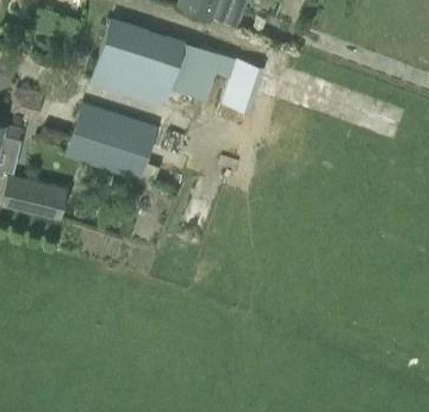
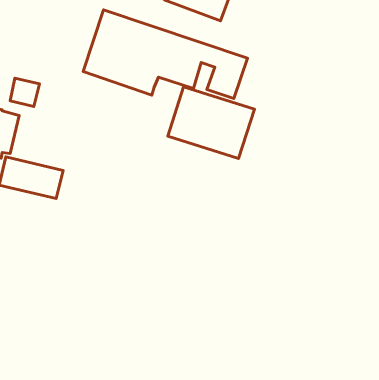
building: [66,104,157,180] -> [168,87,254,159]

